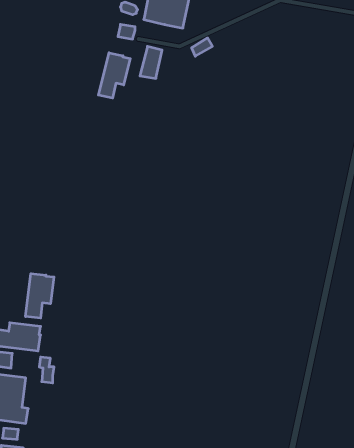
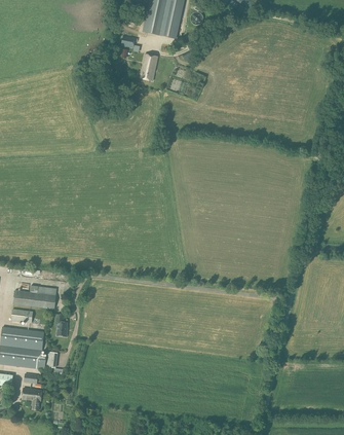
building: [98,53,130,98] -> none
building: [26,274,54,318] -> none

